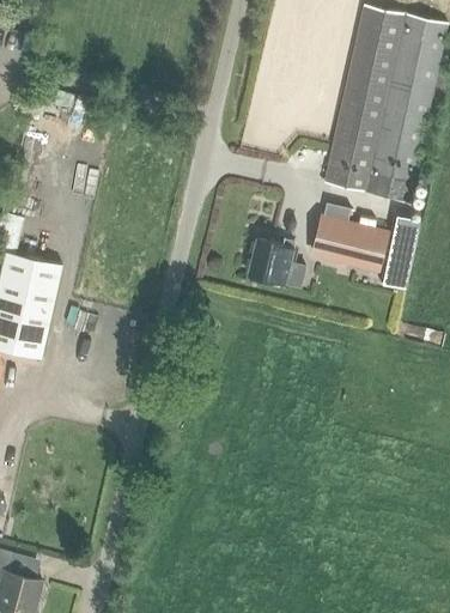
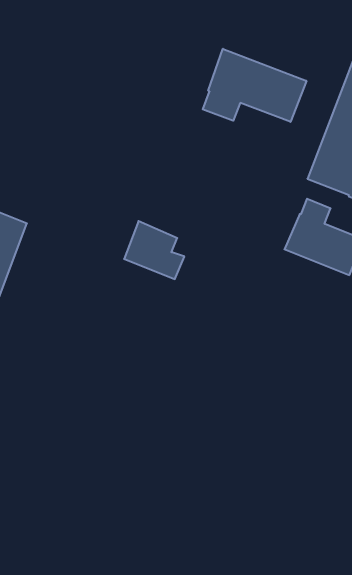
building: none -> [203,49,306,122]
building: [248,237,305,287] -> [124,221,184,279]

